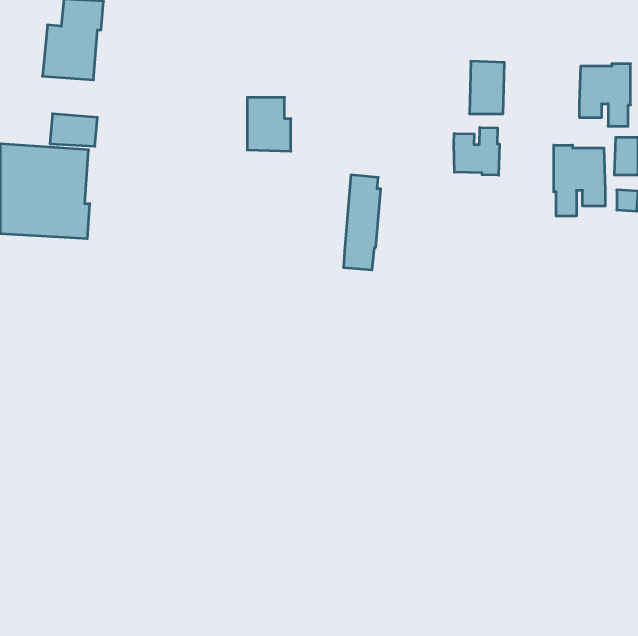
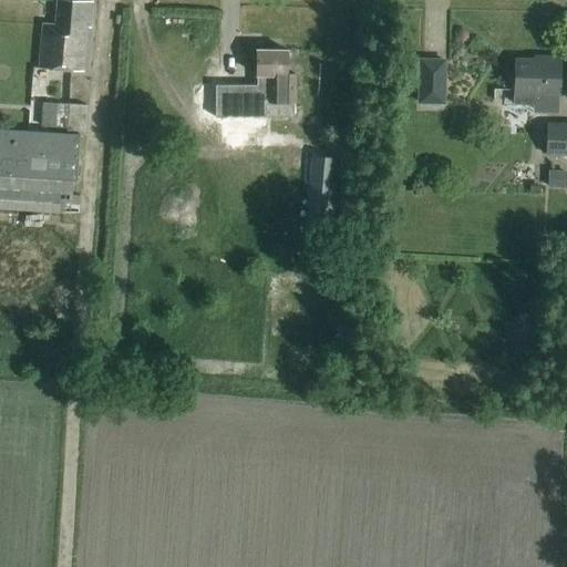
building: none -> [256,49,296,116]
building: [454,127,499,175] -> none
building: [554,145,605,216] -> none

